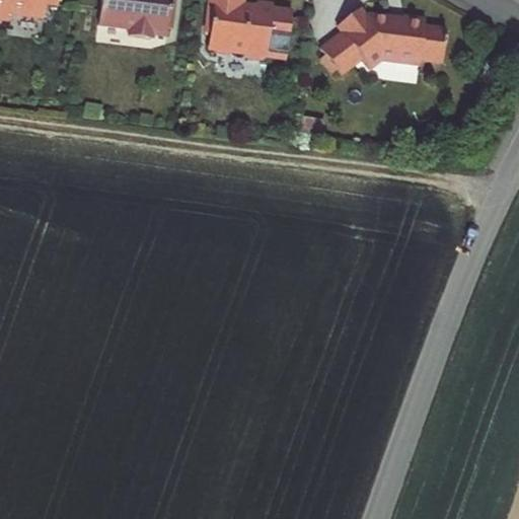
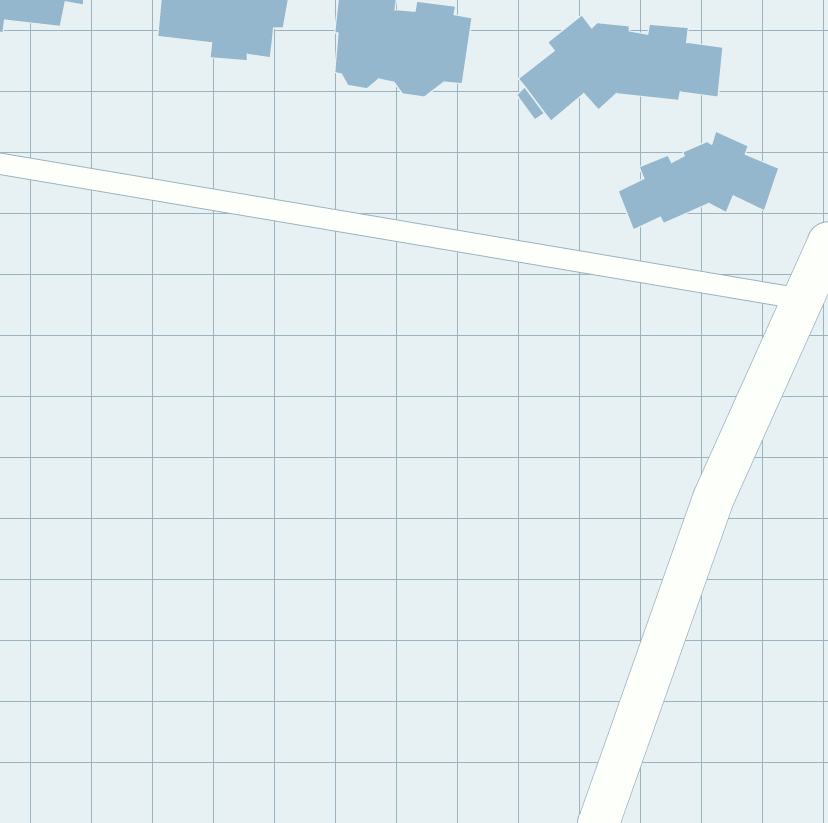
building: none -> [618,131,779,230]

